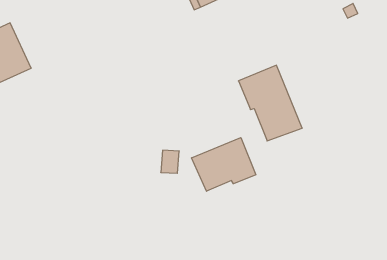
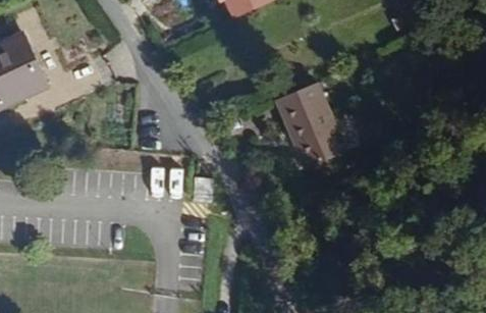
building: [192,138,256,191] -> none

